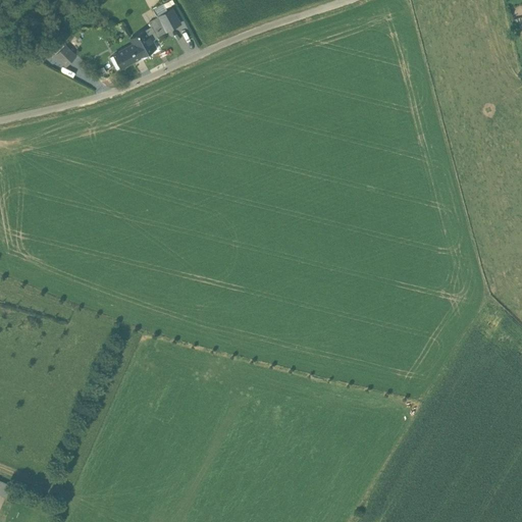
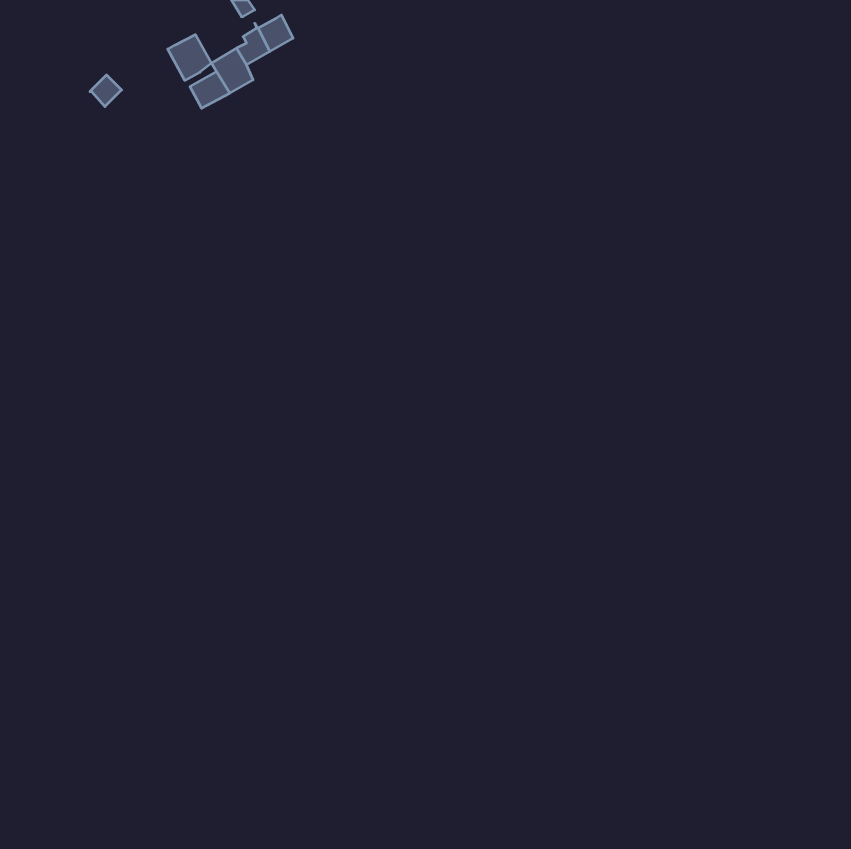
building: none -> [168,35,212,80]

